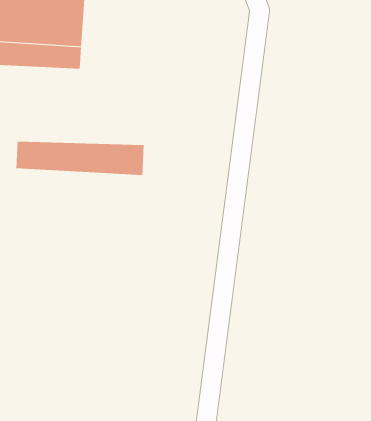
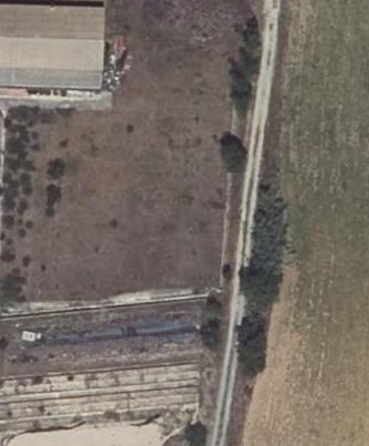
building: [16,141,144,176] -> none

